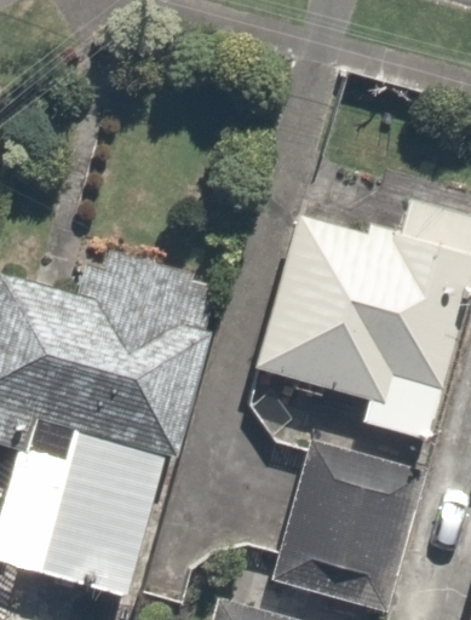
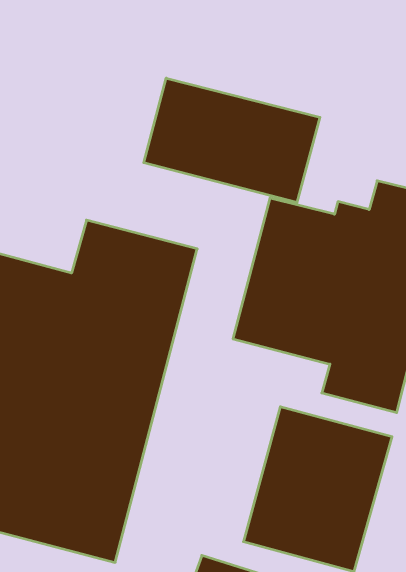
building: none -> [144,78,320,203]

